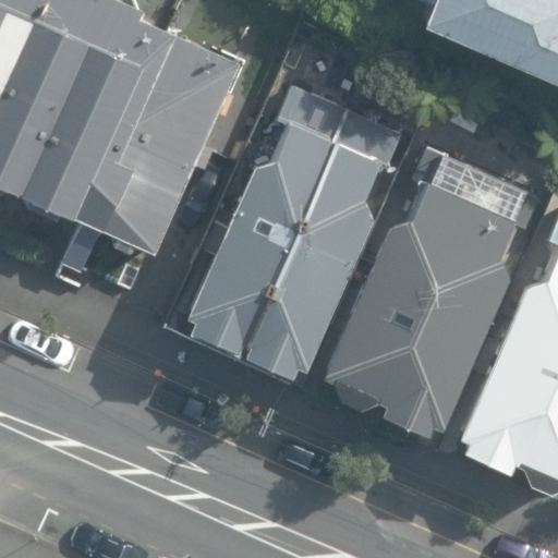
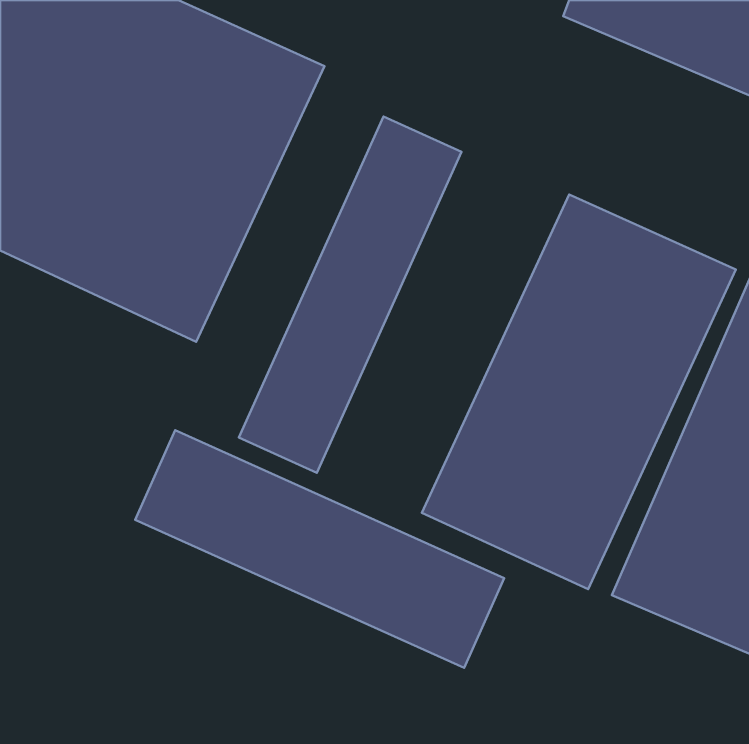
building: [238,119,401,381] -> none
building: none -> [135,430,504,668]

